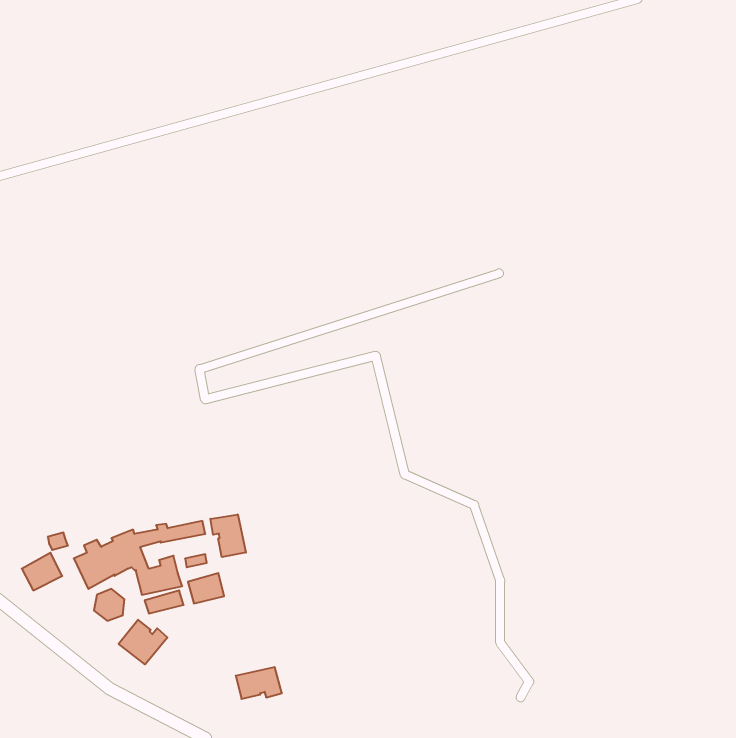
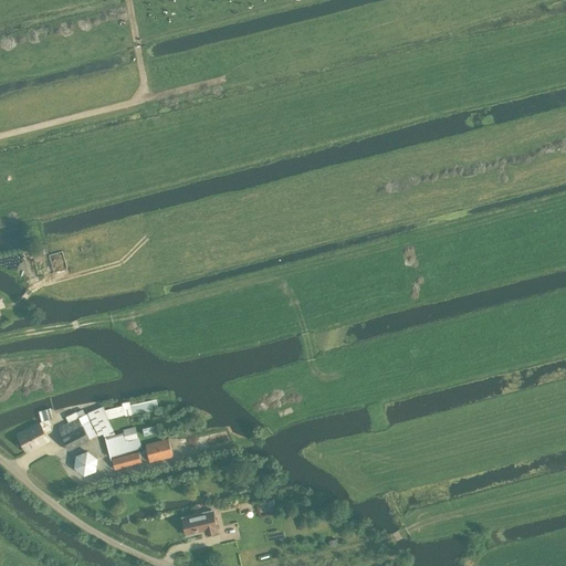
building: [210,514,246,557] -> none
building: [119,620,167,664] -> none

